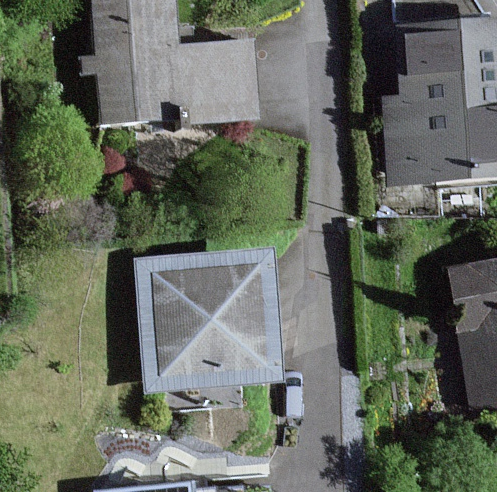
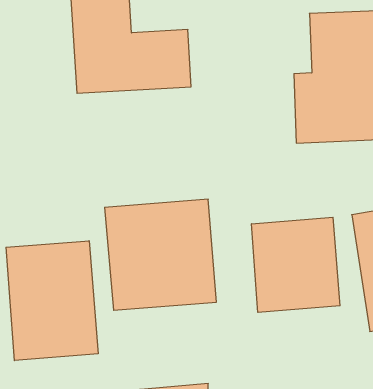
building: none -> [252,217,340,312]
building: none -> [6,241,98,361]

